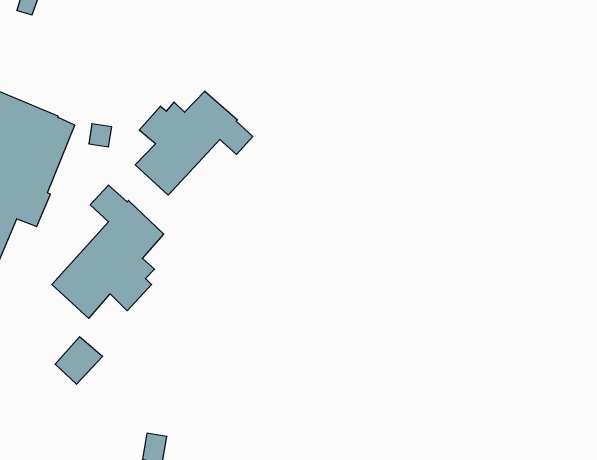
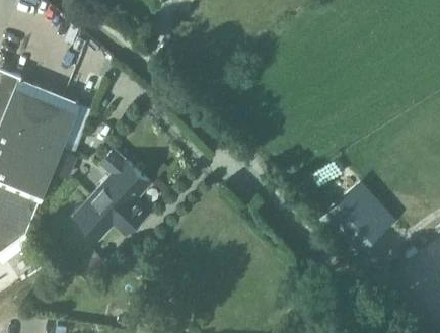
building: [135,91,253,195] -> none
building: none -> [322,188,388,255]

